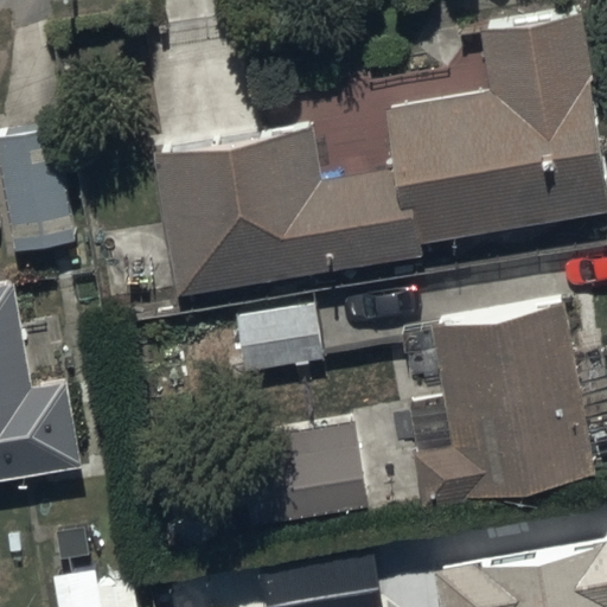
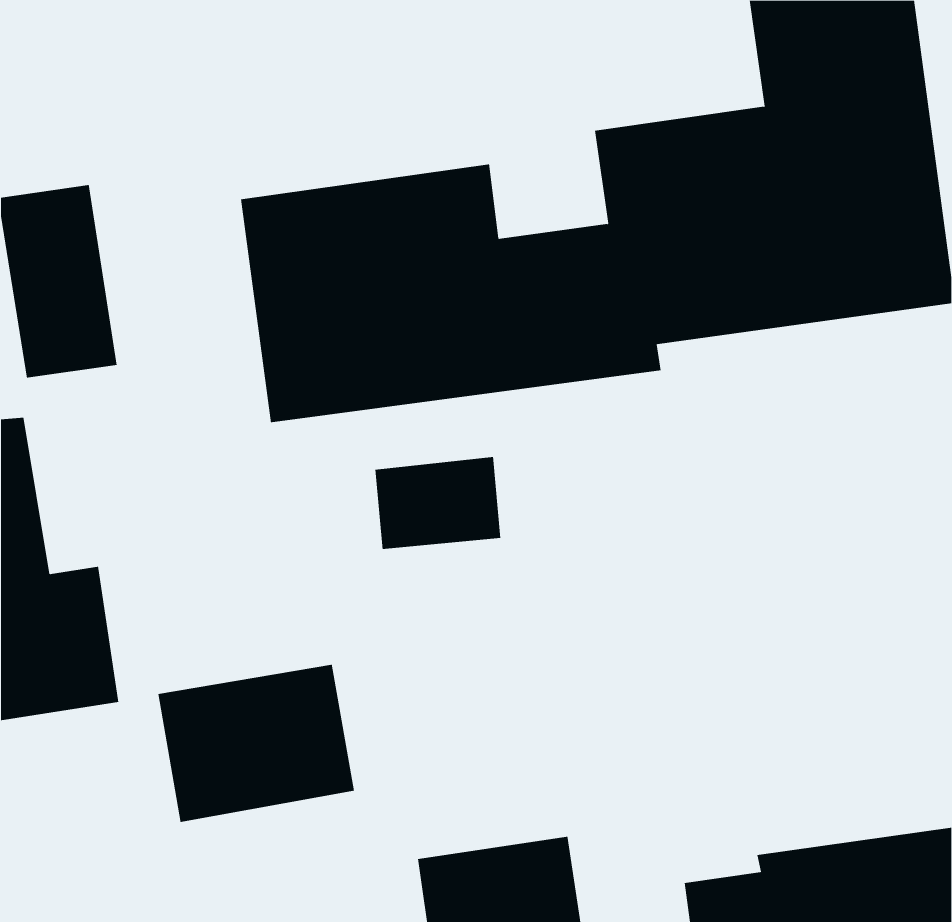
building: [410,295,593,493] -> none
building: [236,422,362,523] -> [157,664,355,822]

